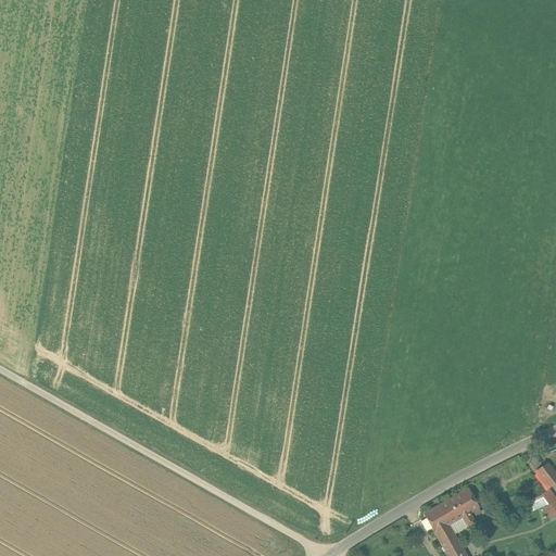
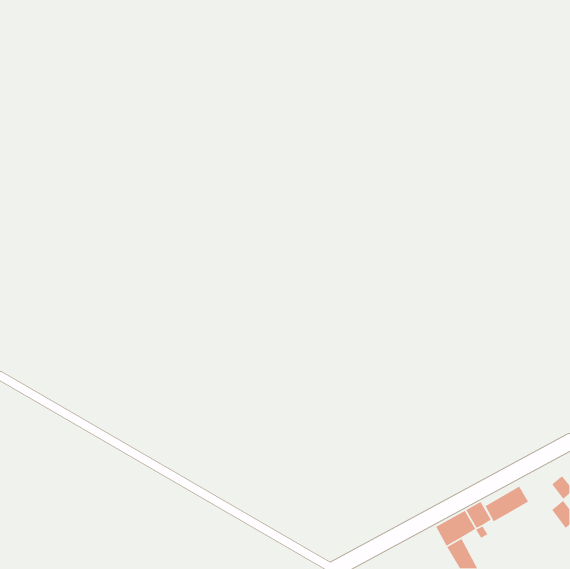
building: none -> [484,485,529,522]

